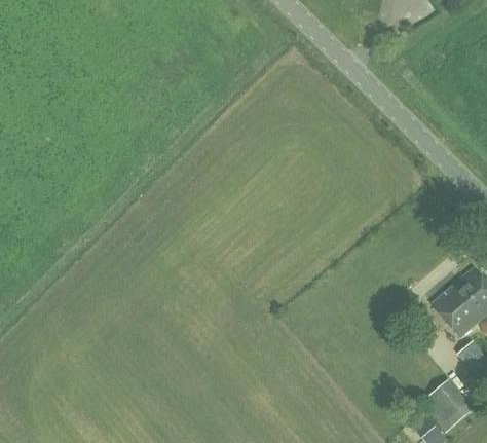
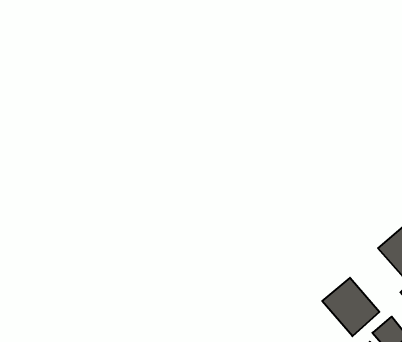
building: none -> [322,278,379,336]

